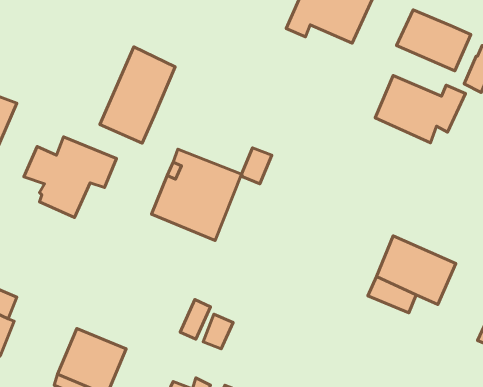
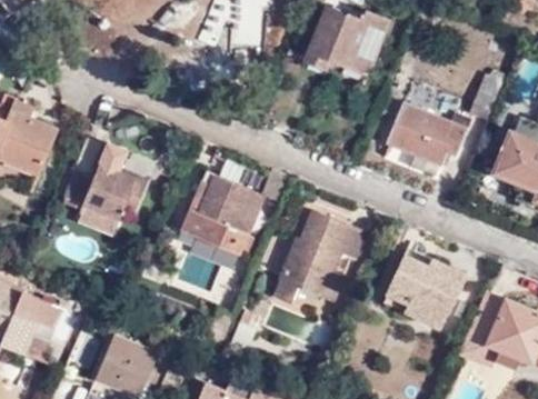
building: [396,10,471,71] -> none
building: [100,47,175,143] -> none
building: none -> [279,210,368,302]

